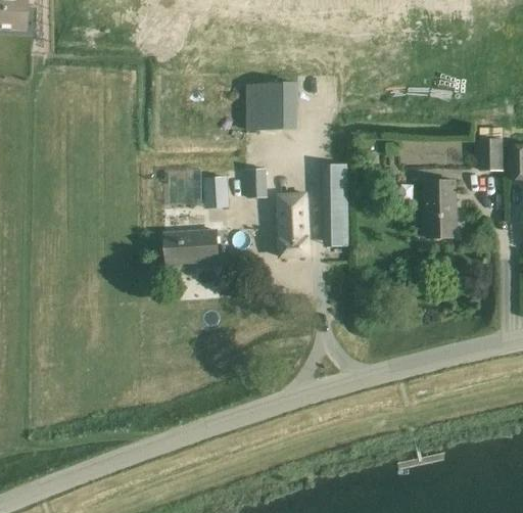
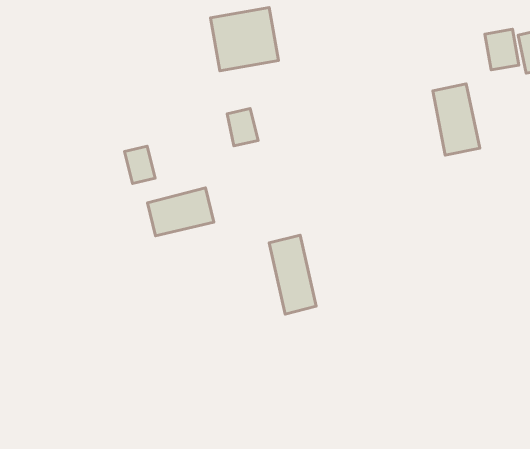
building: [205,176,228,205] -> [124,146,155,183]
building: [324,177,347,228] -> none
building: [277,189,307,254] -> [269,235,316,314]

